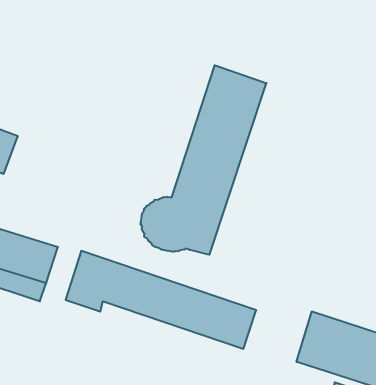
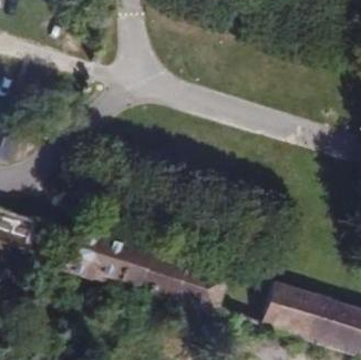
building: [141,65,267,255] -> none

